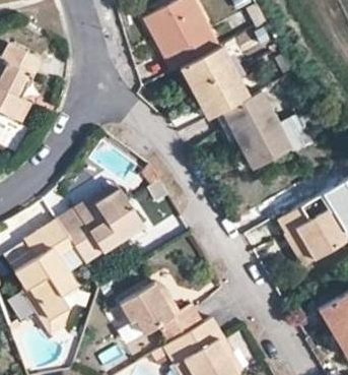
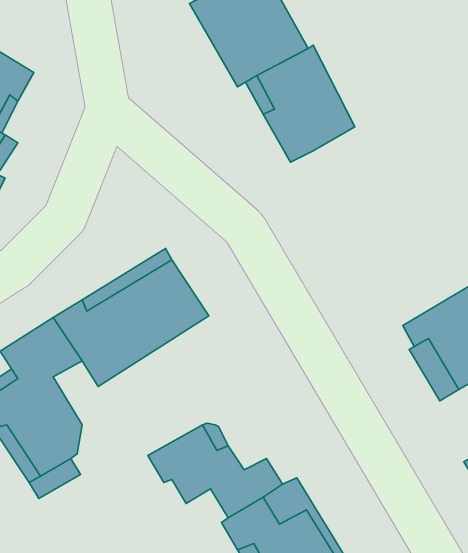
building: [222,90,291,168] -> none

